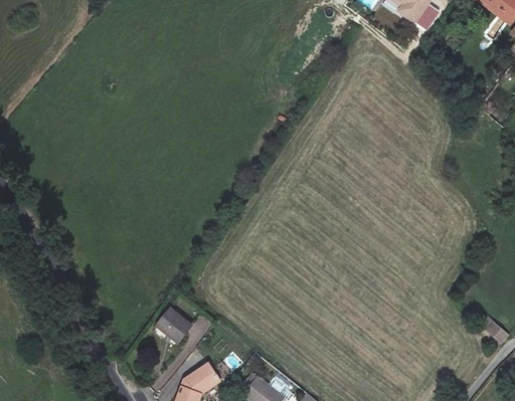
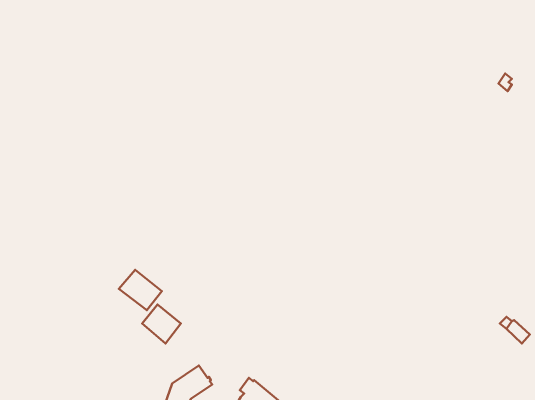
building: none -> [119,270,162,310]

